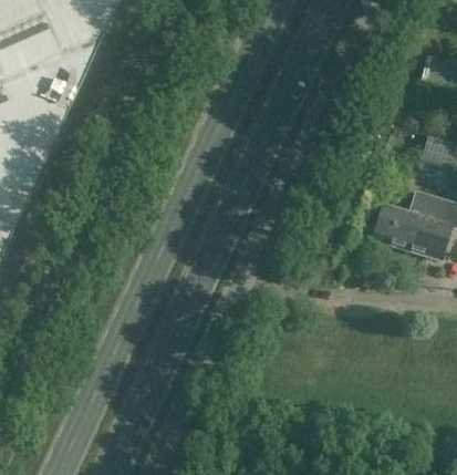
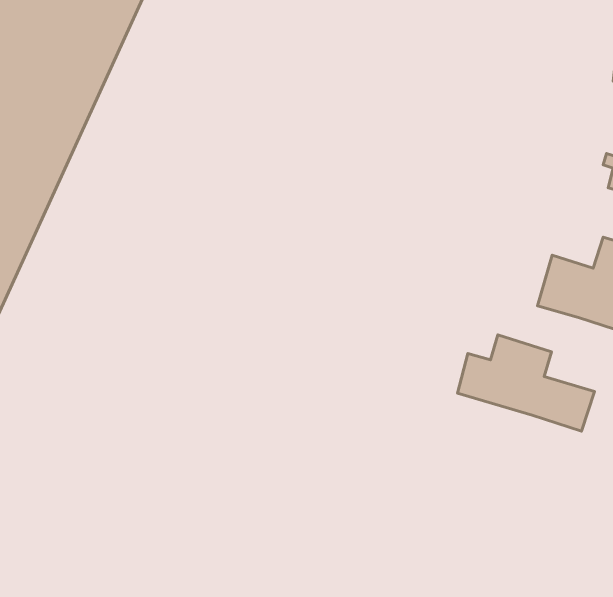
building: none -> [457,335,595,431]

